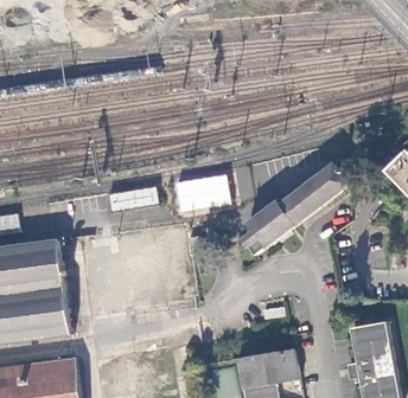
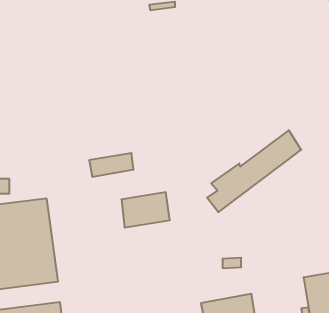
building: [172,173,228,213] -> [121,192,170,227]

